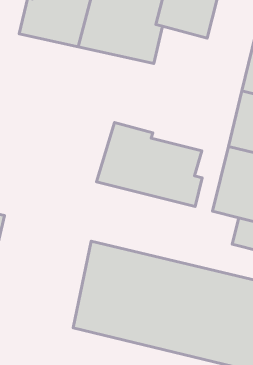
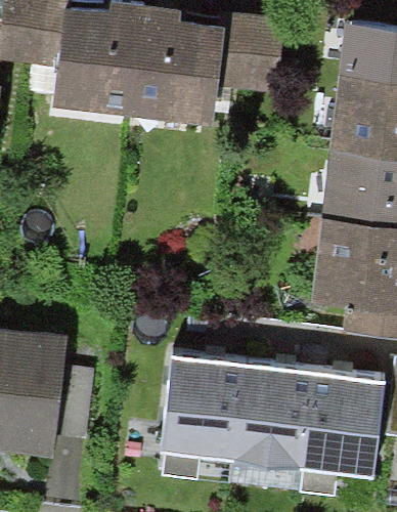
building: [96,122,202,206] -> none

